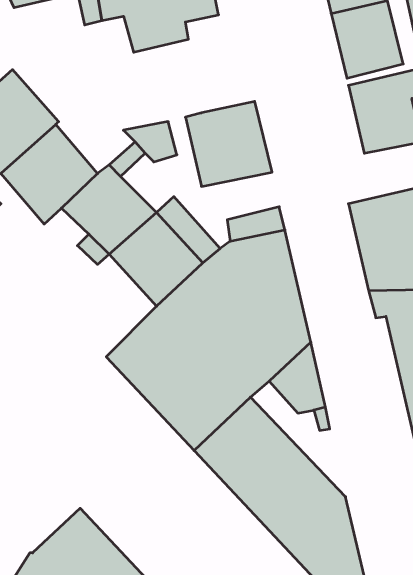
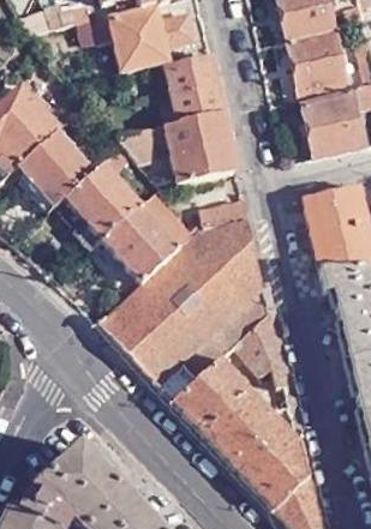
building: none -> [168,58,223,119]

